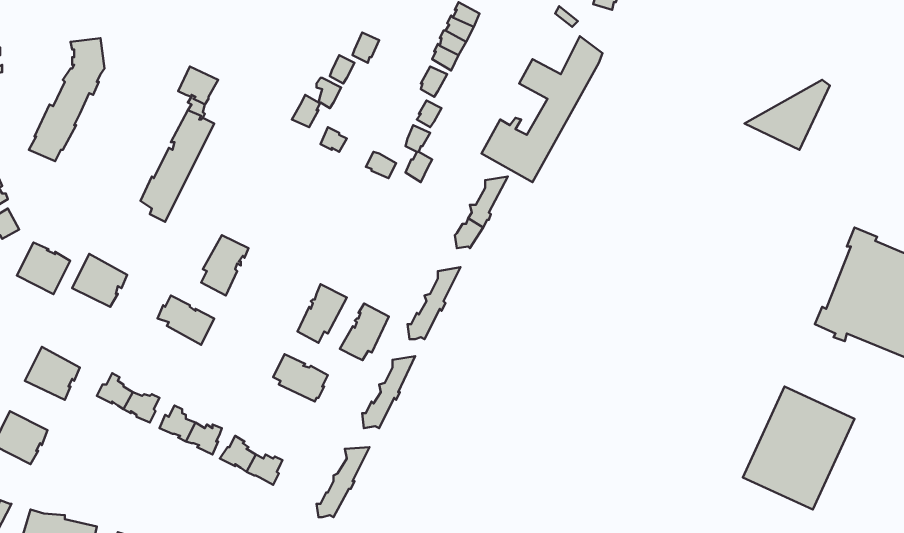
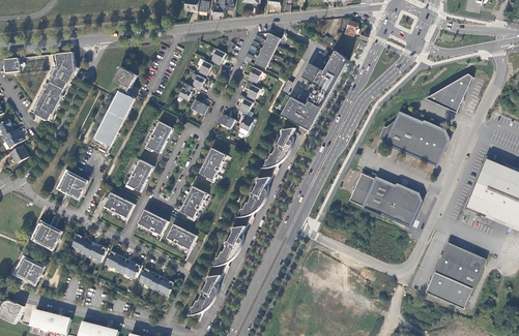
building: none -> [378,113,448,165]
building: none -> [147,121,173,153]
building: [17,243,70,294] -> none
building: none -> [347,173,420,225]
building: [340,303,389,360] -> [199,148,226,179]
building: none -> [138,210,168,234]

